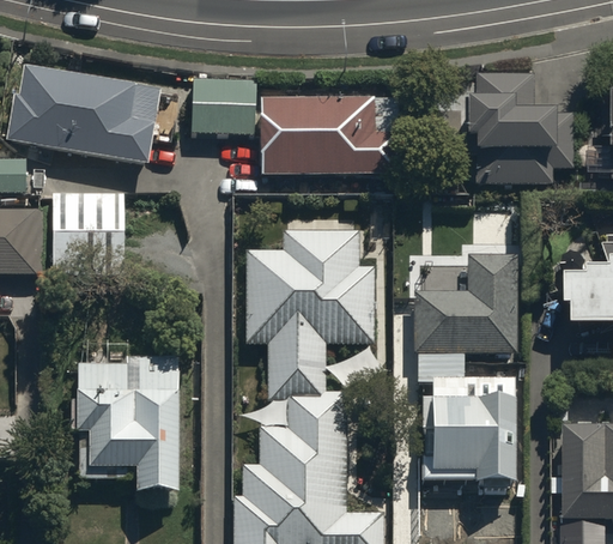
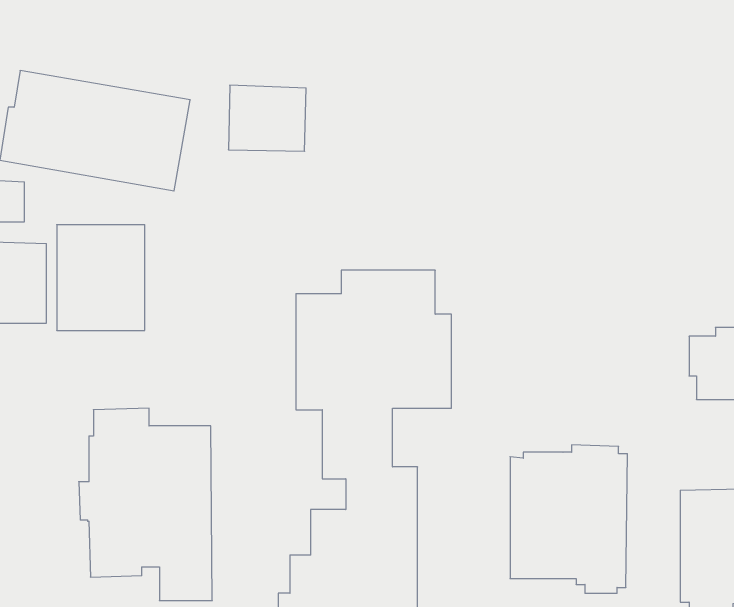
building: [466,69,572,182] -> none
building: [260,98,397,175] -> none
building: [414,253,518,381] -> none

